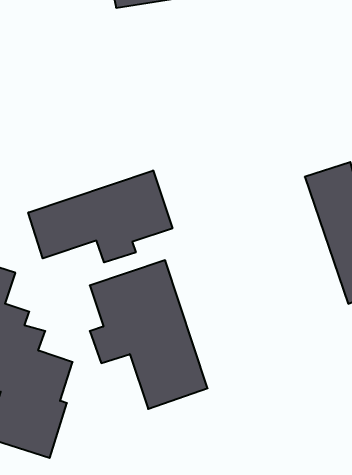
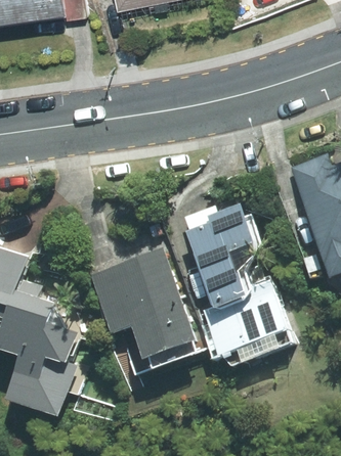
building: [28,170,172,262] -> none
building: none -> [178,197,292,371]

